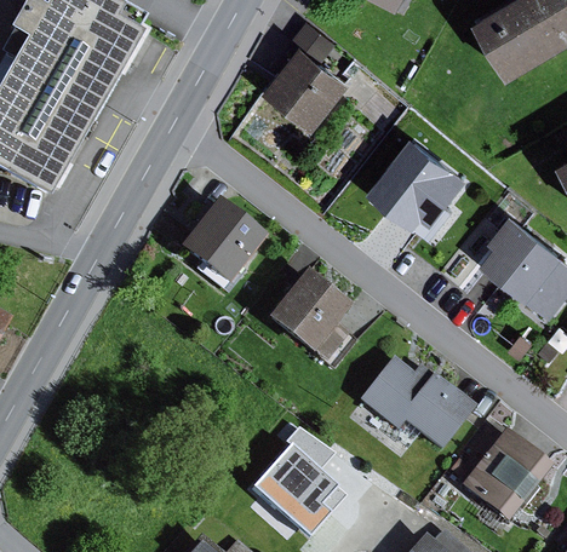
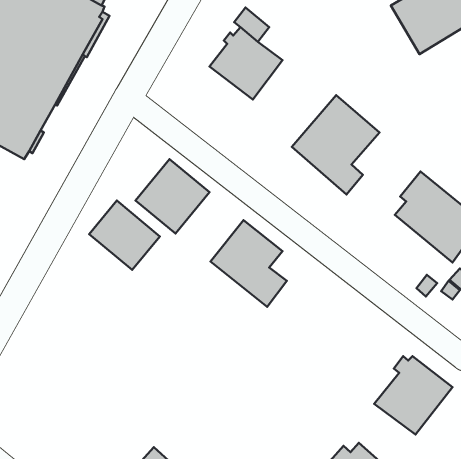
building: none -> [89,201,160,270]
building: [359,356,475,450] -> none
building: [246,435,353,536] -> none

